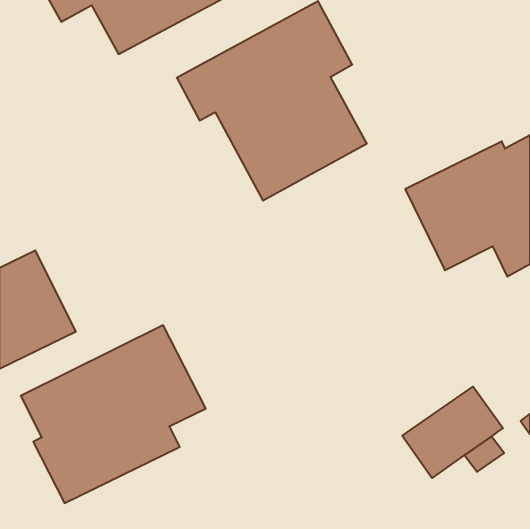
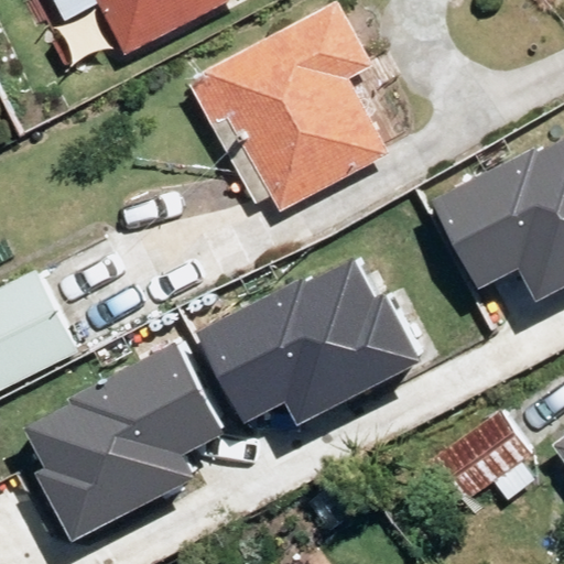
building: none -> [197,262,417,422]

